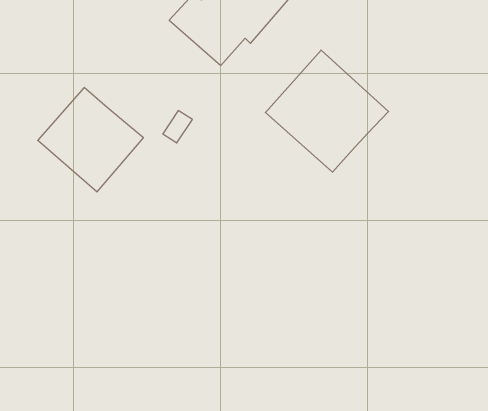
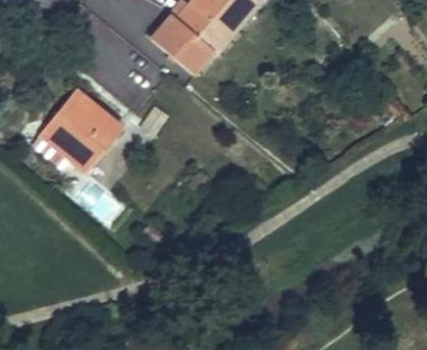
building: [265,50,389,172] -> none

